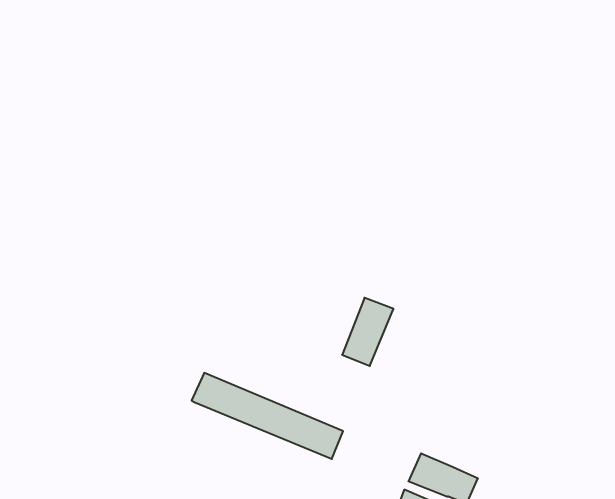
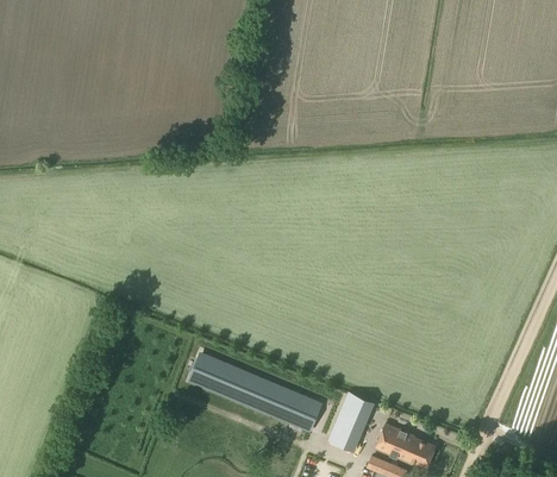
building: [342,298,394,366] -> [330,393,374,451]

